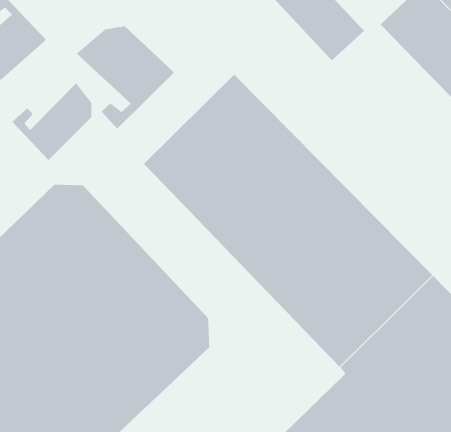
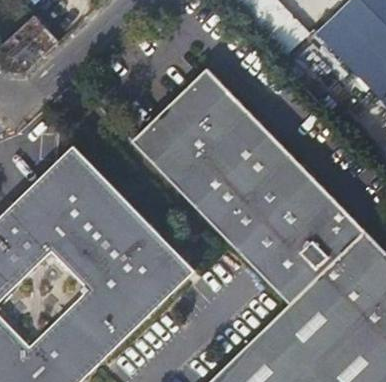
building: [76,25,175,129] -> none
building: [12,82,92,161] -> none

